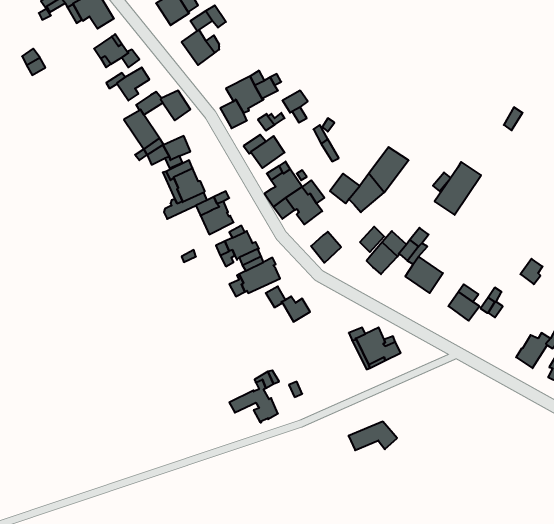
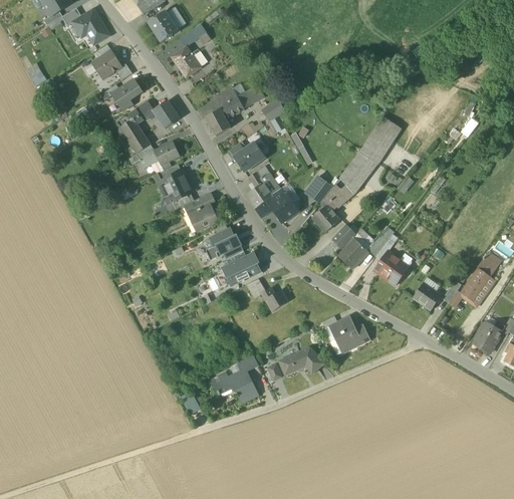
building: [435,162,481,215] -> [358,115,401,164]
building: [311,232,341,263] -> [312,204,339,232]
building: none -> [460,267,490,300]
building: [348,422,397,450] -> [279,347,323,373]

